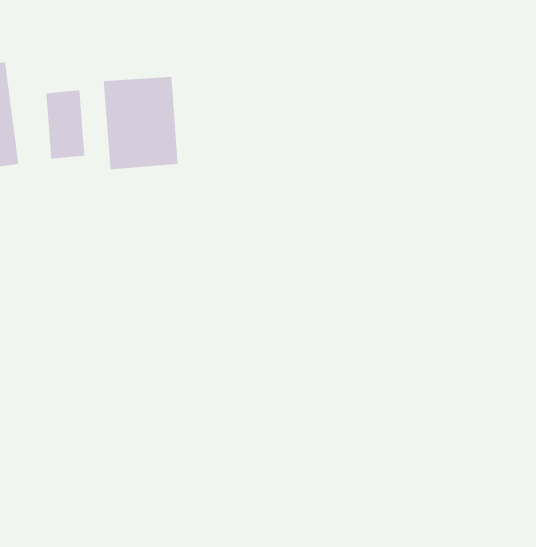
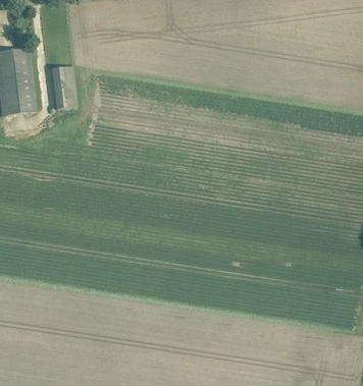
building: [103,76,178,170] -> none

